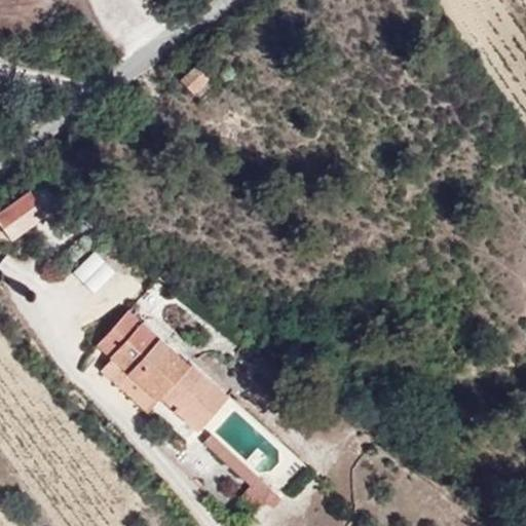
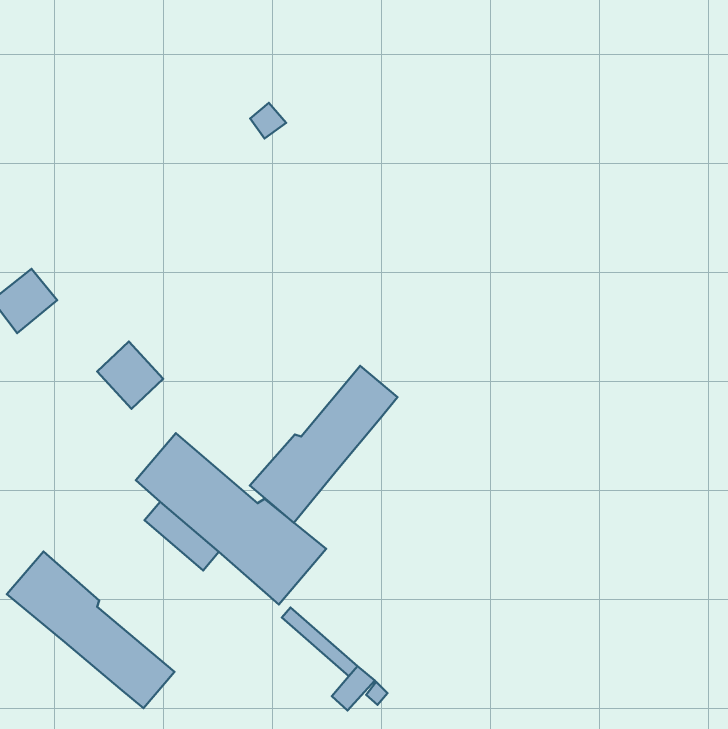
building: none -> [250,366,398,523]
building: none -> [7,551,175,708]

